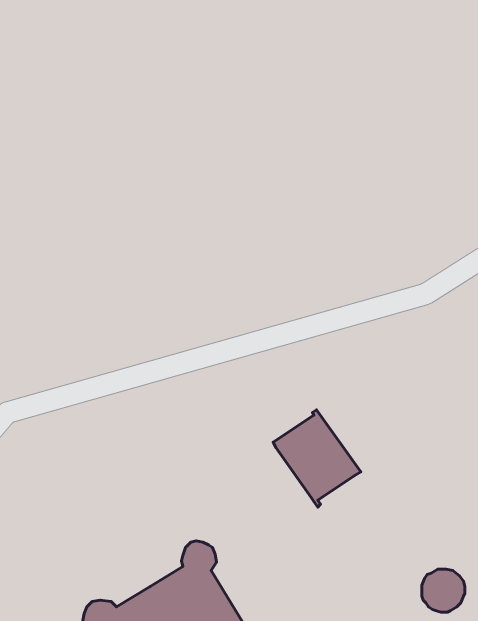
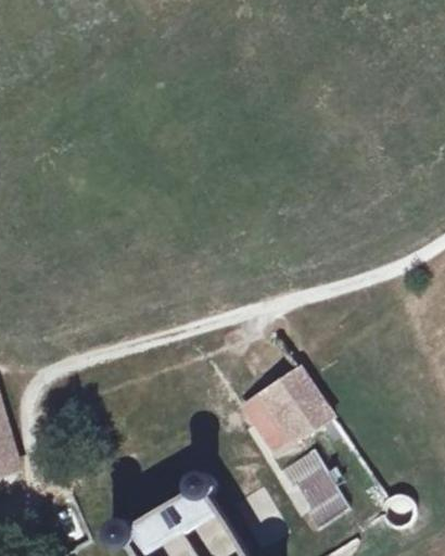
building: none -> [244,397,291,451]
building: none -> [280,445,349,527]

